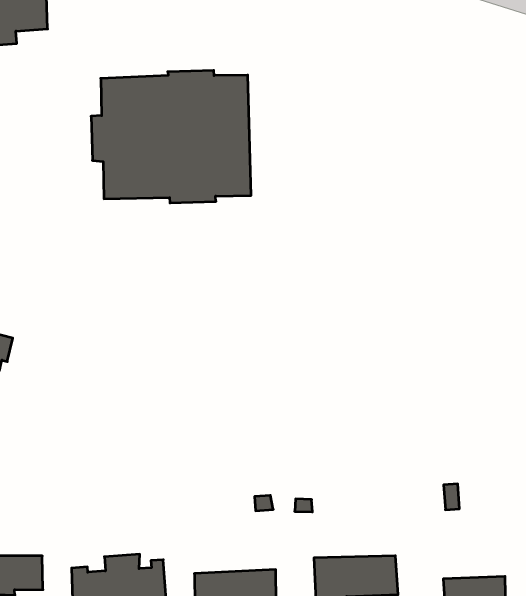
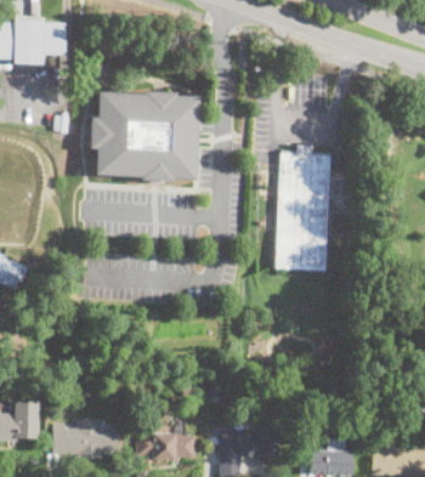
building: none -> [276,151,330,271]

